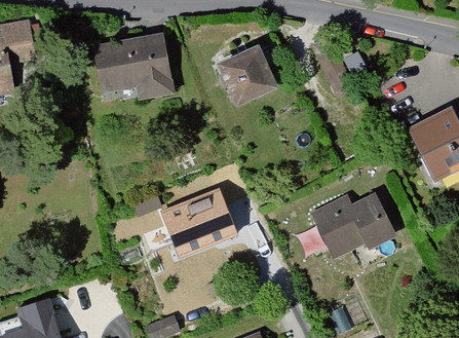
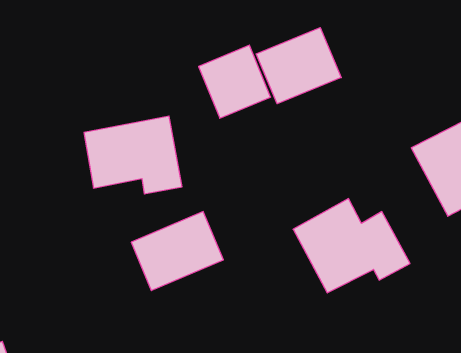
building: none -> [256,28,341,104]
building: [90,32,176,100] -> [84,116,182,194]

